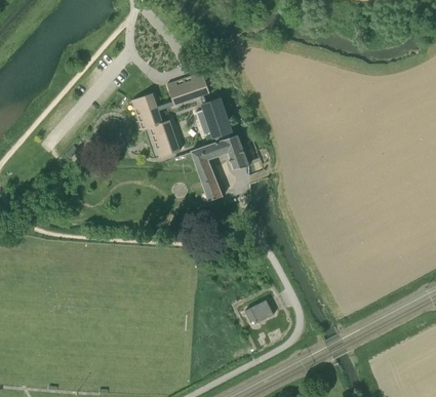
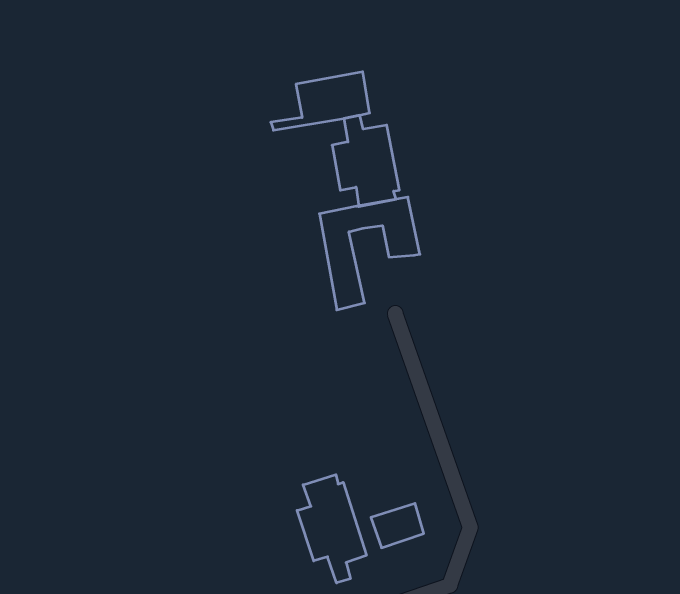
building: [131,93,181,158] -> none
building: none -> [297,475,366,583]

